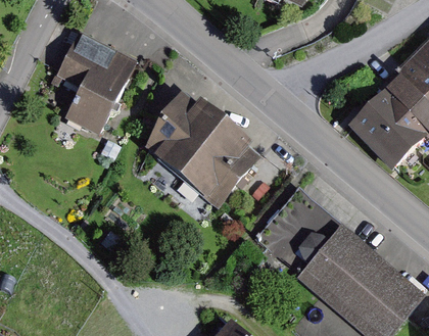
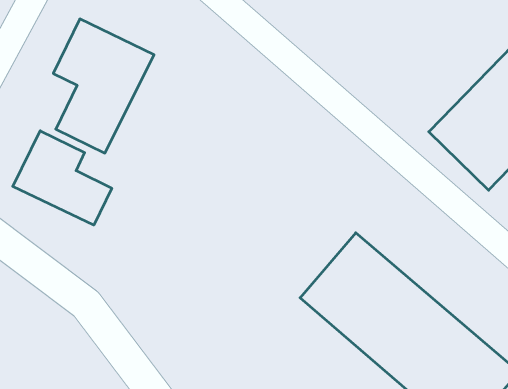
building: [147,95,260,210] -> none
building: none -> [13,131,112,225]

